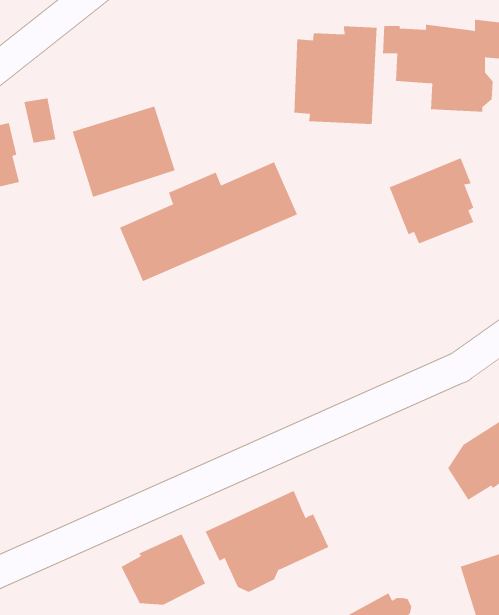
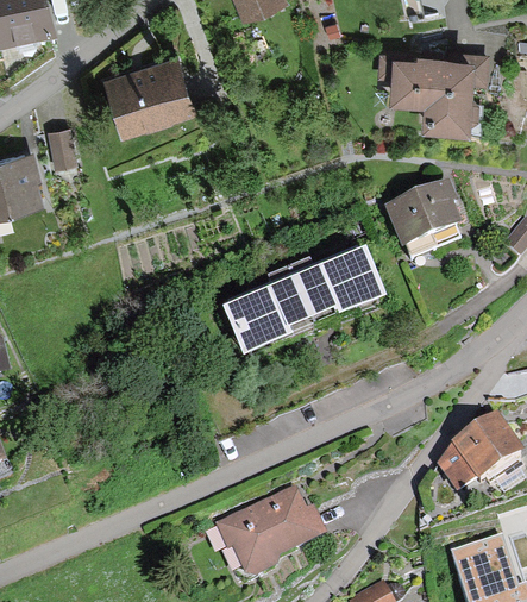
building: [294,26,377,125] -> none
building: [72,106,175,198] -> [103,49,199,133]
building: [119,161,298,282] -> [222,251,387,362]
building: [121,533,206,606] -> none

